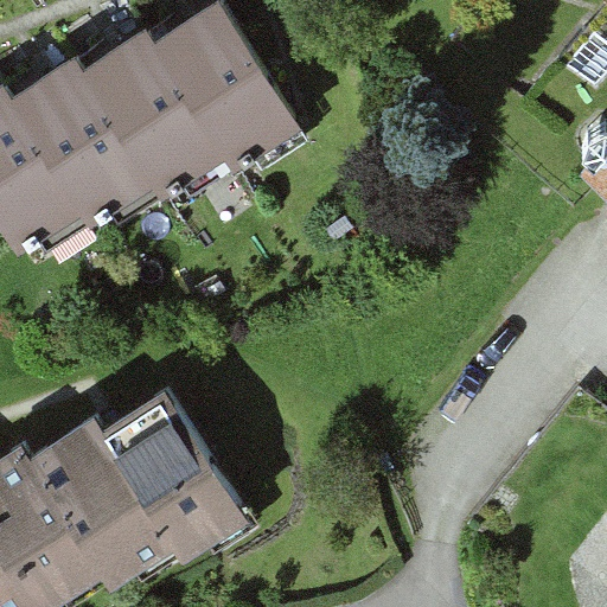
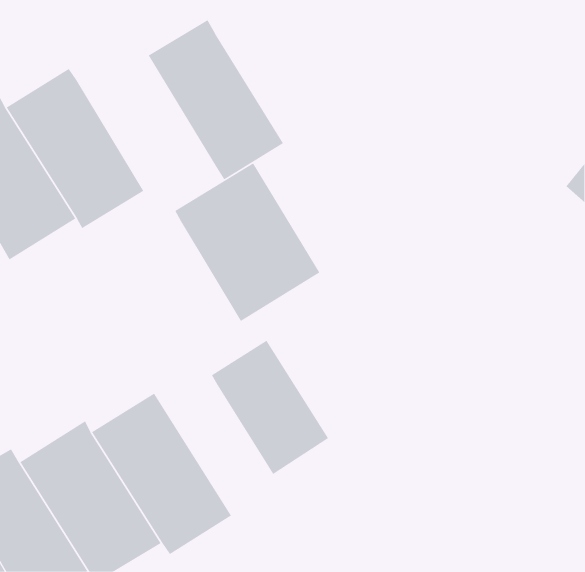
building: [79,43,222,211] -> none
building: none -> [175,162,320,322]
building: none -> [211,340,329,475]

